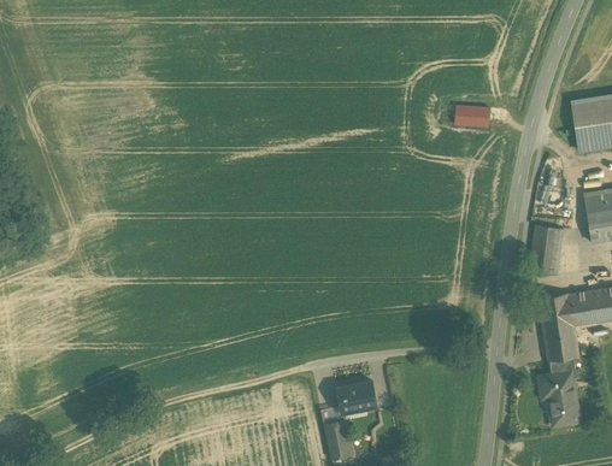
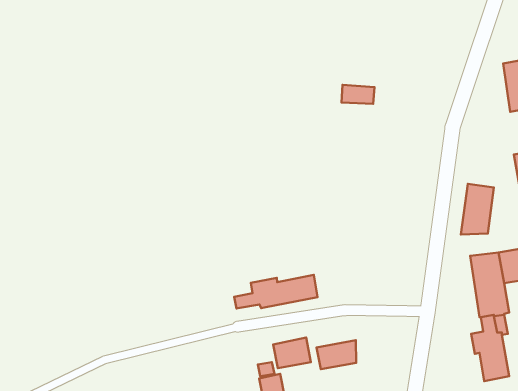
building: [457,106,490,125] -> [341,85,374,104]
building: none -> [234,275,317,308]
building: none -> [317,340,356,369]

